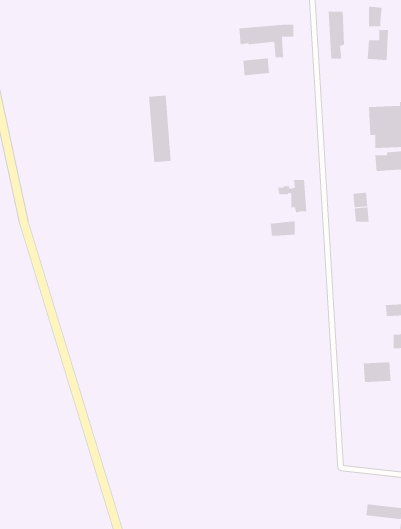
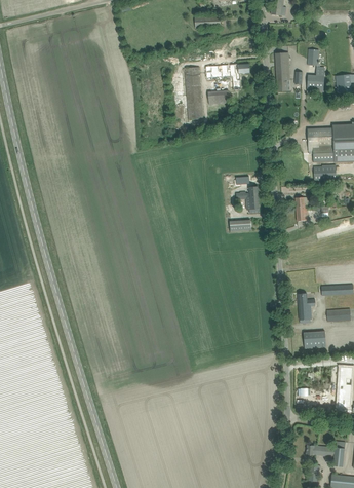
building: [148,95,172,162] -> [185,66,203,119]
building: none -> [298,293,315,323]

